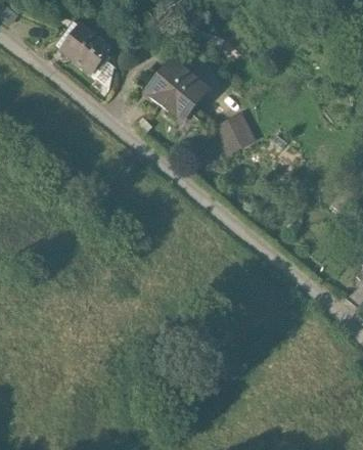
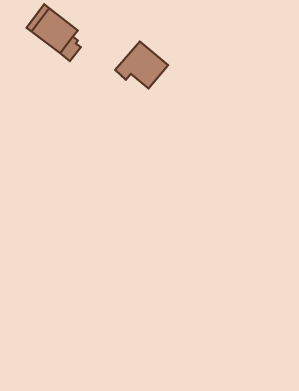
building: [215,112,253,149] -> none

